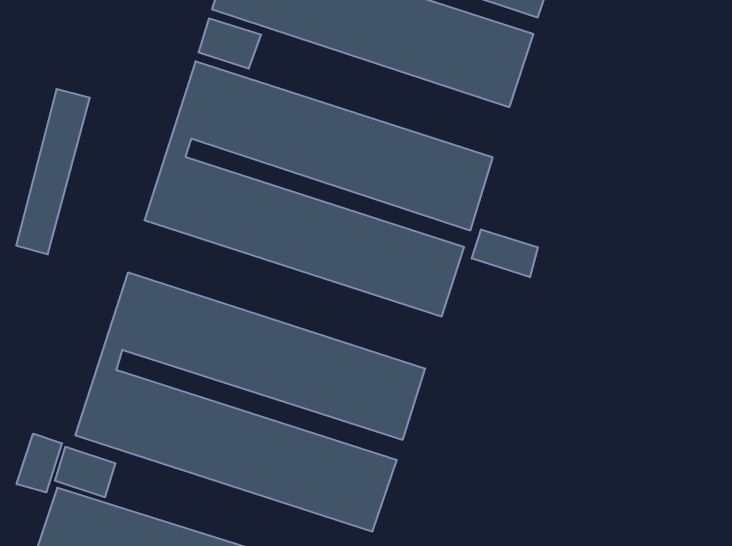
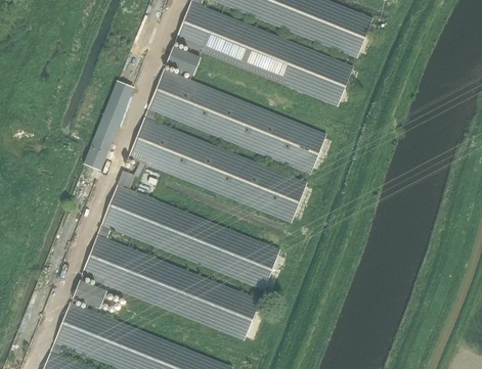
building: [16,89,90,254] -> [89,77,136,169]
building: [472,229,538,277] -> none
building: [17,434,62,492] -> none

